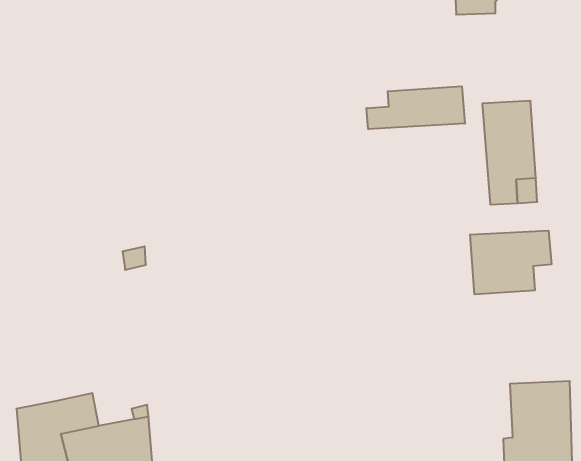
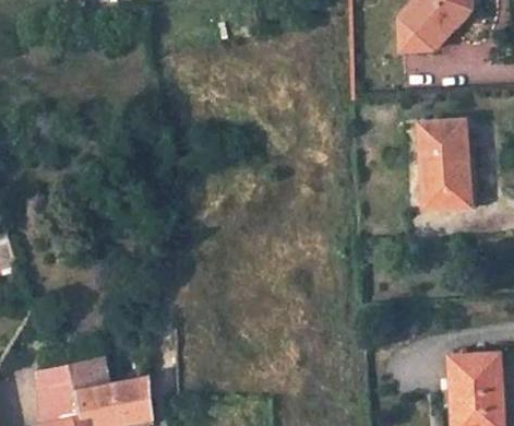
building: [366,86,465,129] -> none
building: [470,231,551,294] -> none

